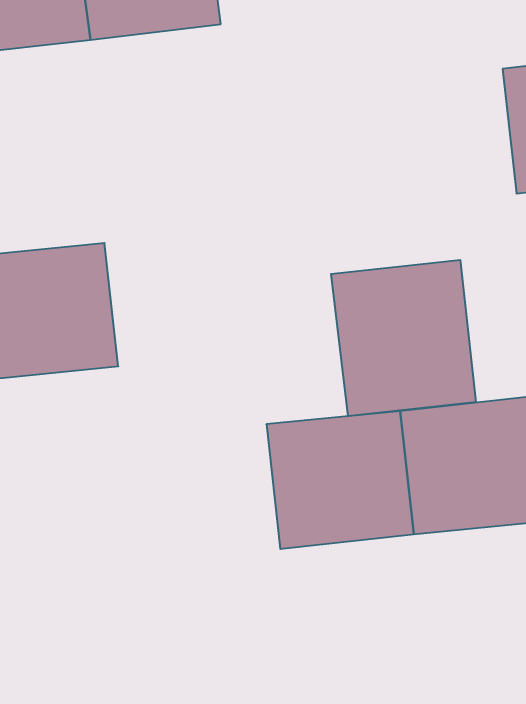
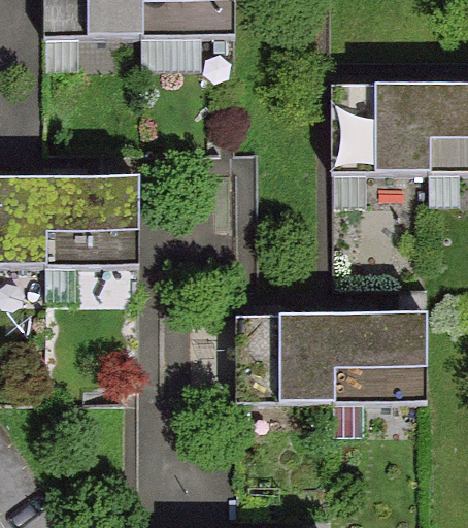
building: none -> [335,82,429,171]
building: [331,260,476,416] -> none

